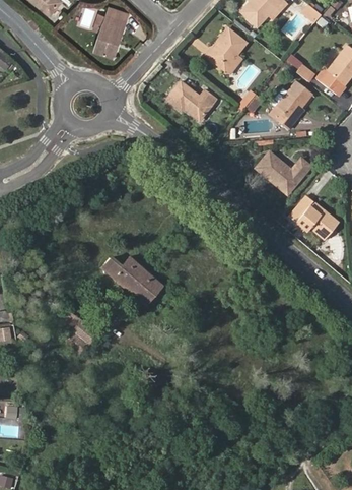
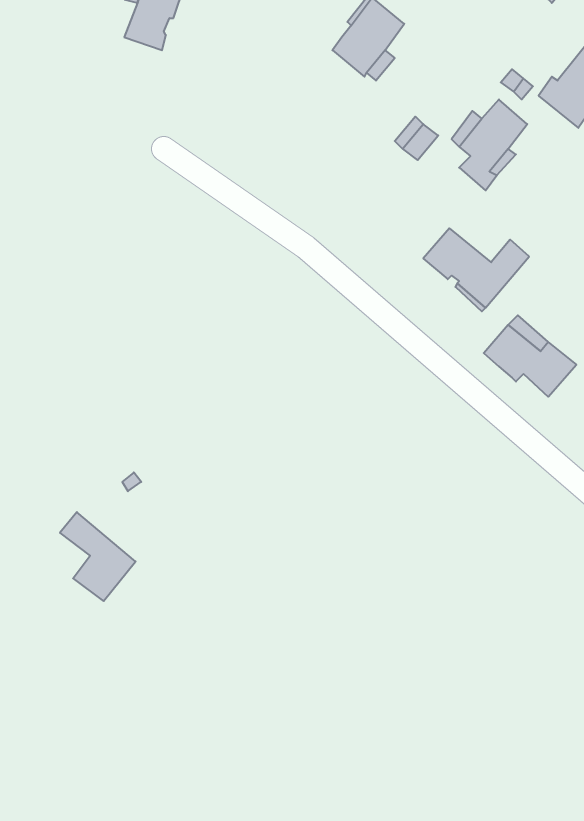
building: [164,81,214,120] -> none
building: [104,253,165,303] -> none

